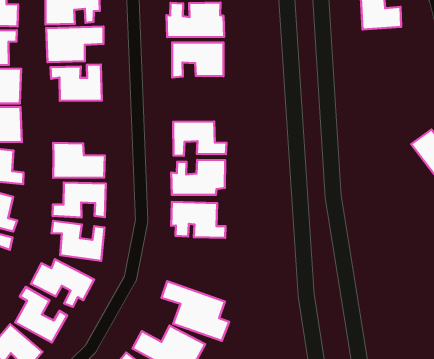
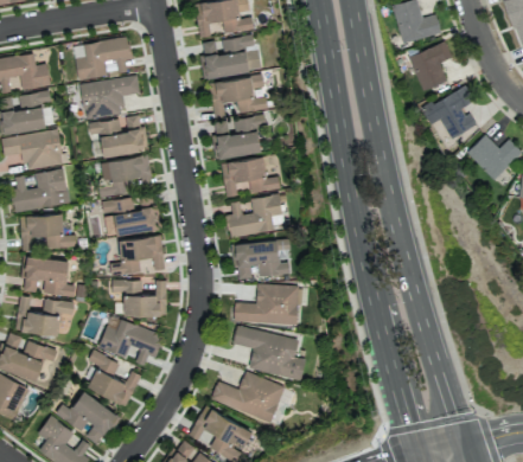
building: none -> [408,43,452,92]
building: none -> [423,86,474,140]
building: none -> [212,116,267,159]
building: none -> [98,155,152,198]
building: none -> [234,285,300,325]

